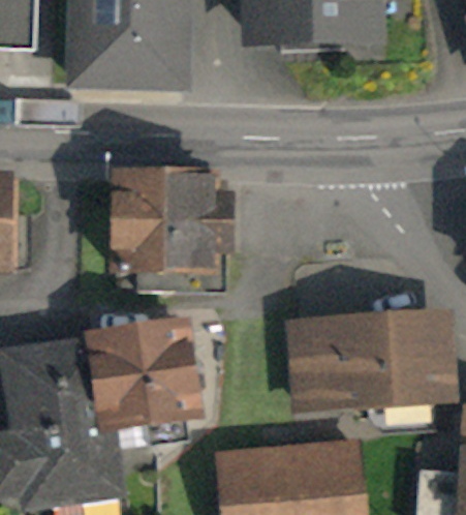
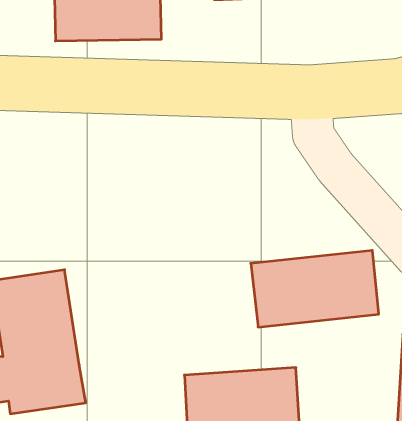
building: [112,185,216,263] -> none
building: [85,324,184,444] -> none

